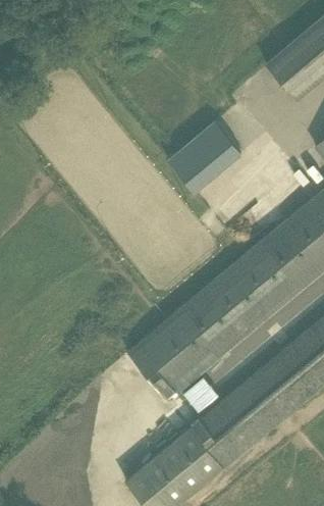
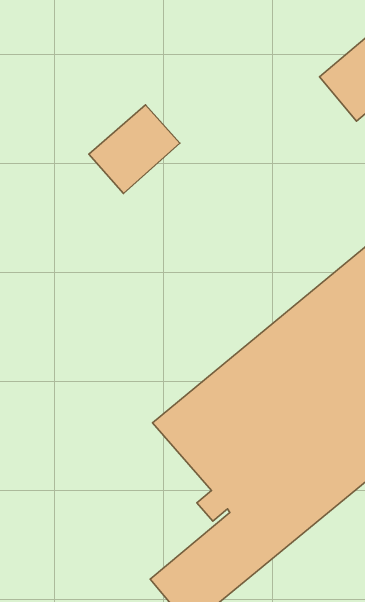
building: [168,119,244,193] -> [89,105,180,194]

